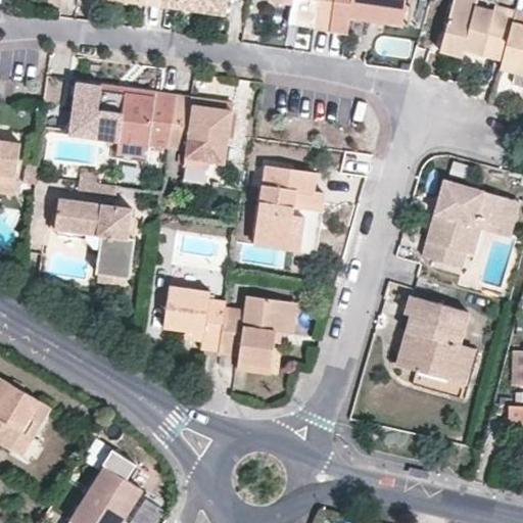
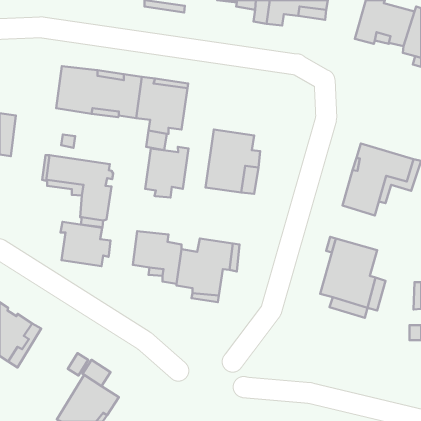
building: none -> [145,147,188,197]
building: none -> [61,222,110,266]

